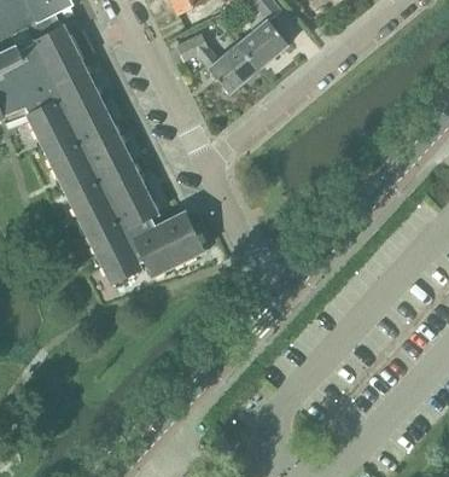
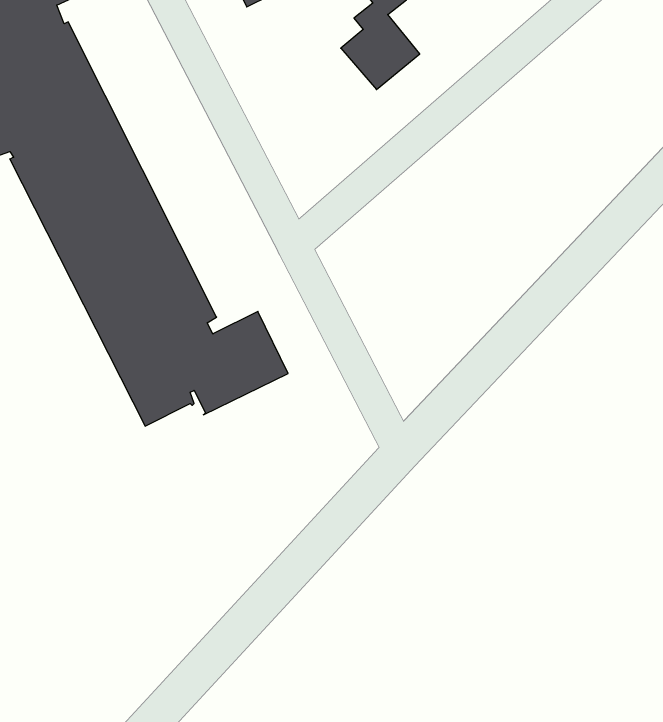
building: [176,34,262,94] -> none

